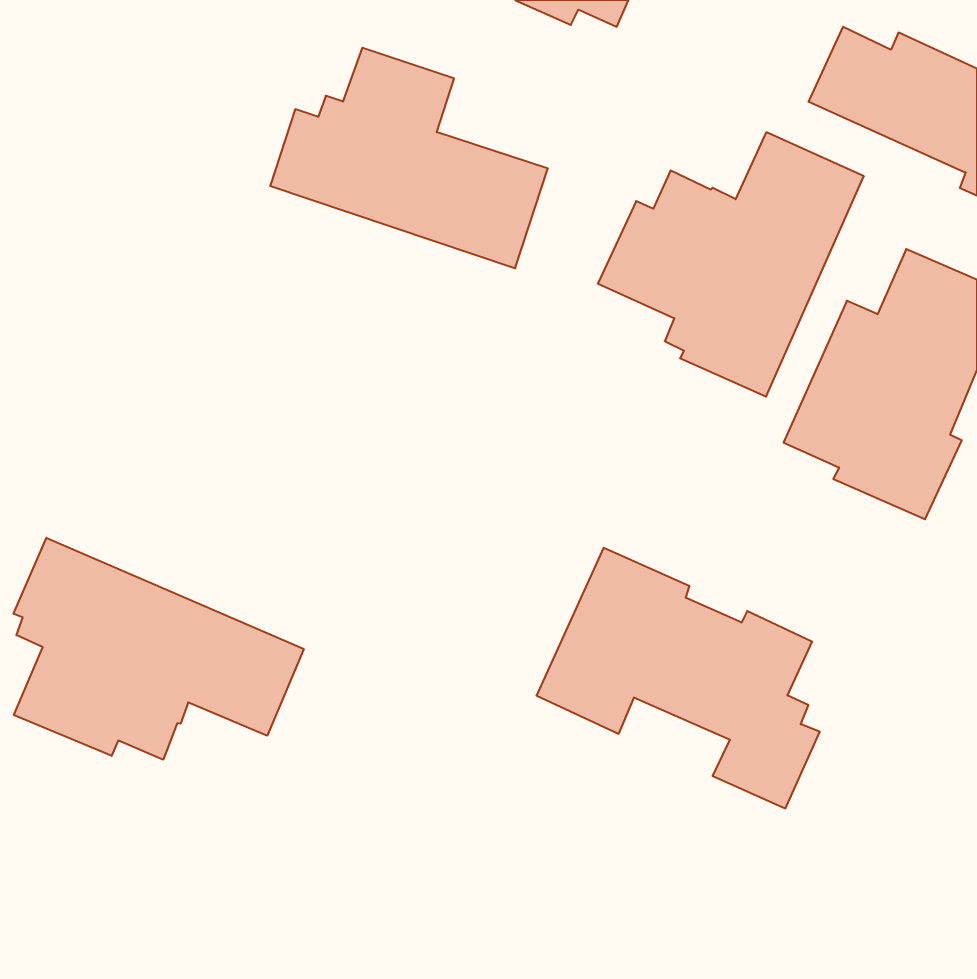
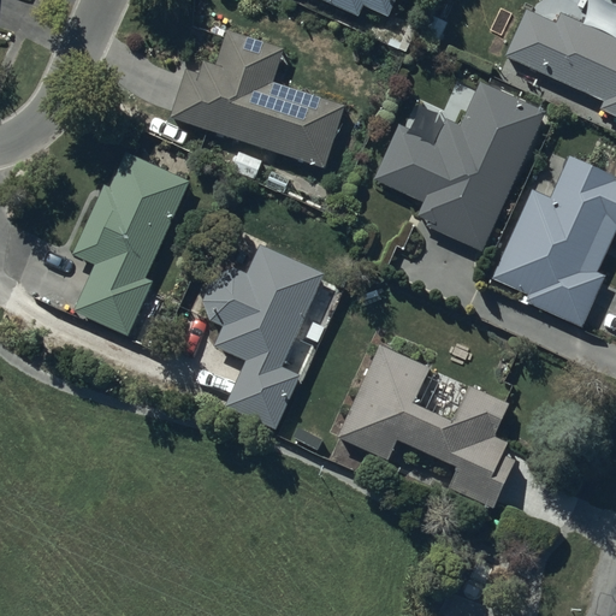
building: none -> [73,153,189,334]
building: none -> [203,244,324,427]
building: [14,538,304,760] -> none

